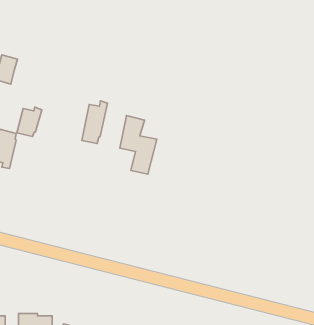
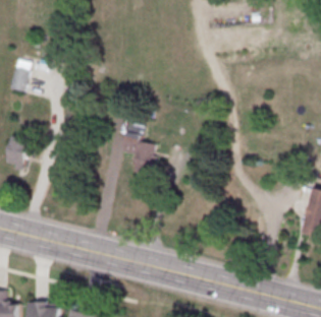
building: [82,101,107,144] -> none
building: [17,107,42,137] -> none

